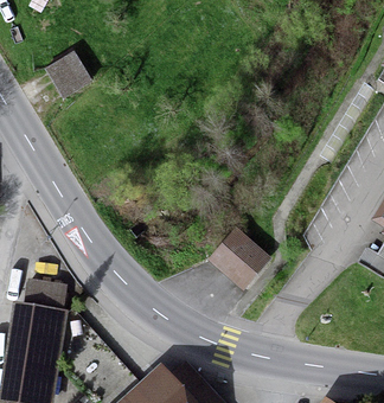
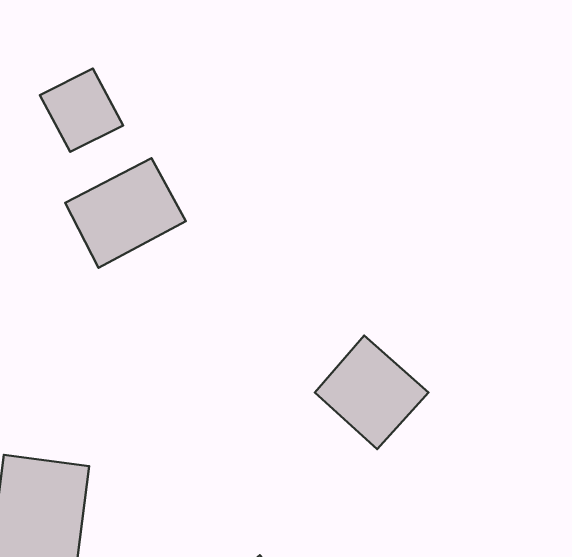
building: none -> [65,158,186,268]

